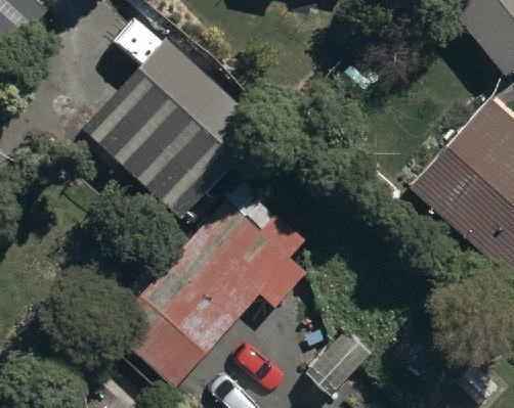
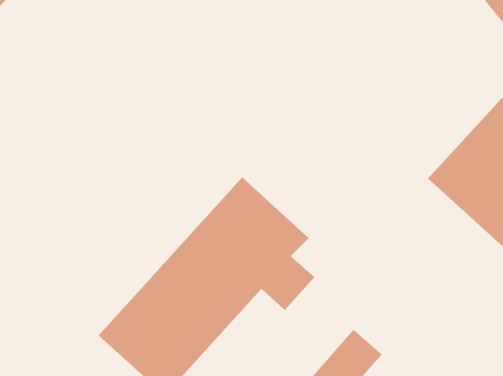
building: [89,51,245,202] -> none

